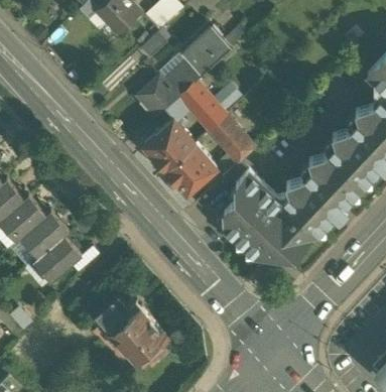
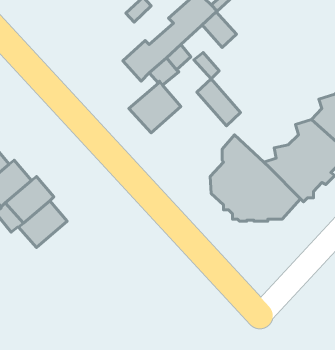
building: [190,93,225,128] -> [202,12,236,47]
building: [165,142,217,192] -> none
building: [94,297,169,367] -> none

